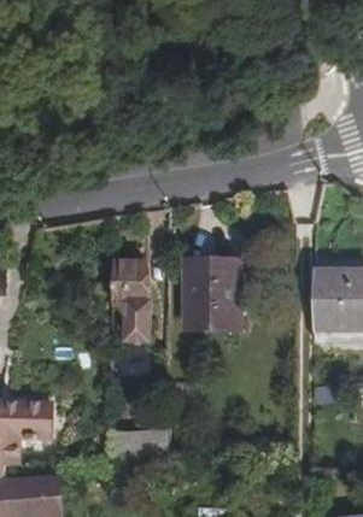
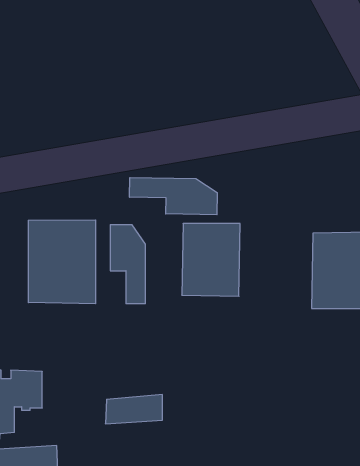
building: none -> [130,178,217,215]
building: none -> [28,220,95,304]

